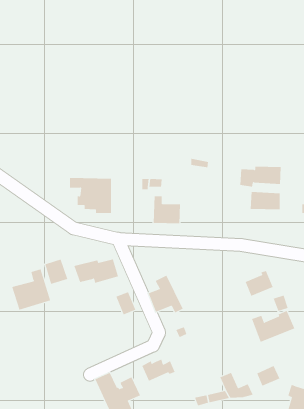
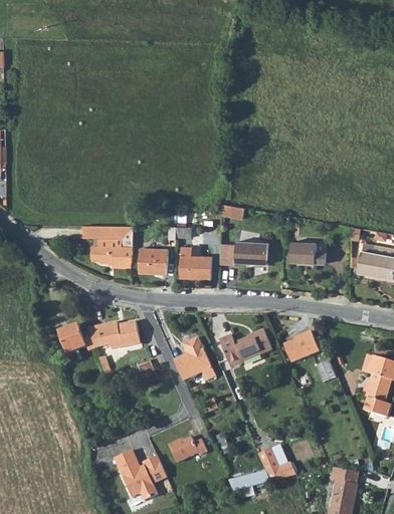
building: [240,166,282,187] -> [220,242,268,266]
building: none -> [139,249,168,273]
building: [12,269,51,310] -> none
building: [251,310,295,342] -> [221,331,271,368]
building: [256,365,280,386] -> none

